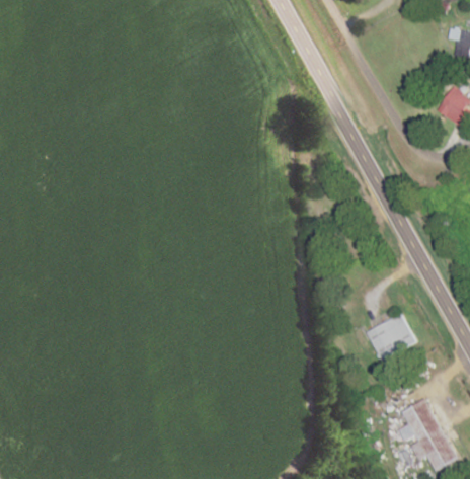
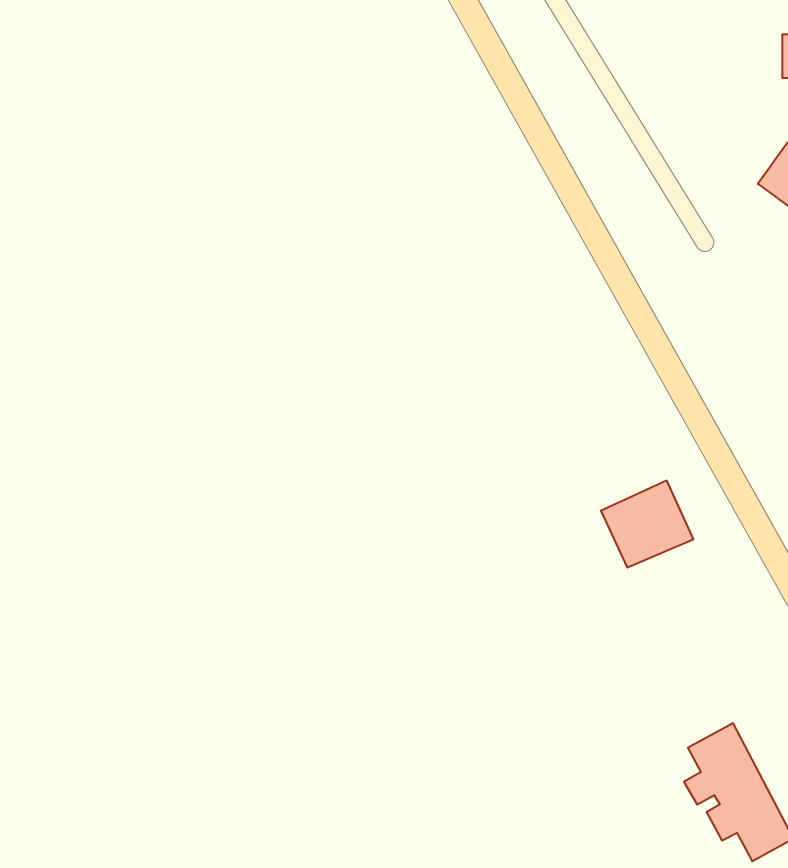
building: [365,314,414,361] -> [601,481,693,568]

